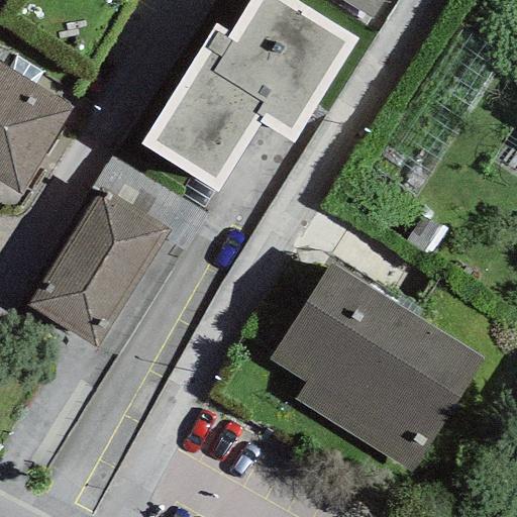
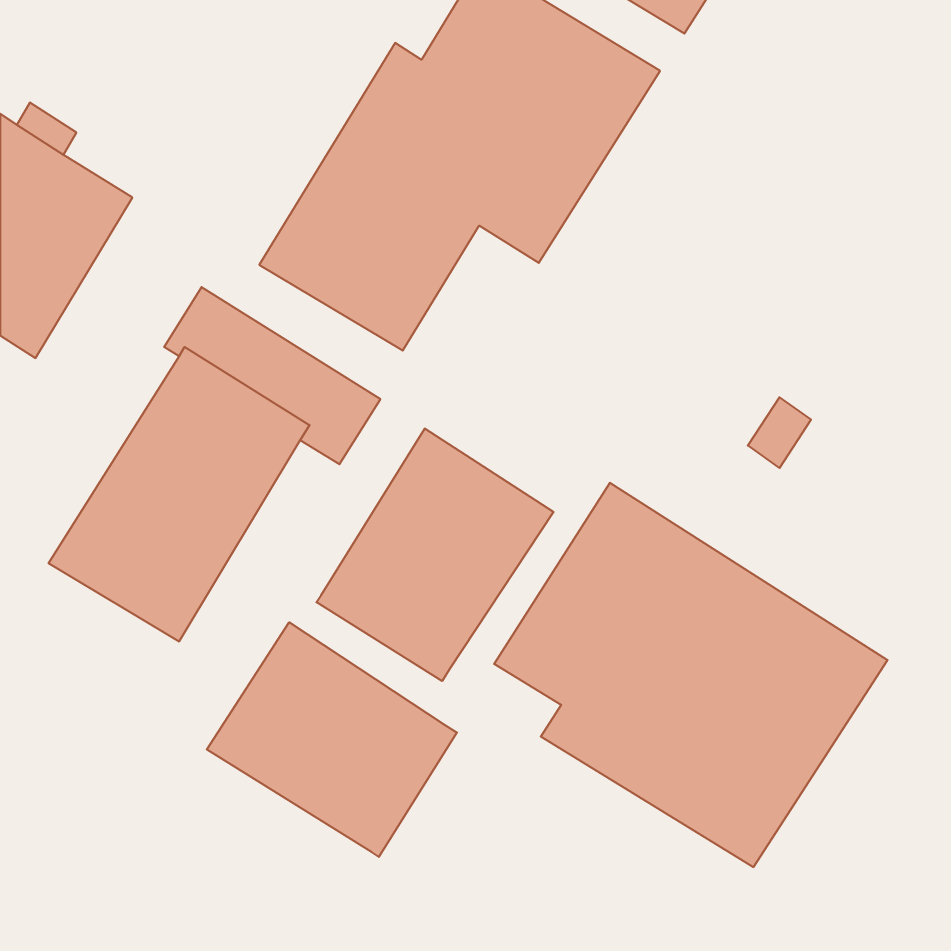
building: none -> [316,428,553,681]
building: none -> [207,622,457,857]

